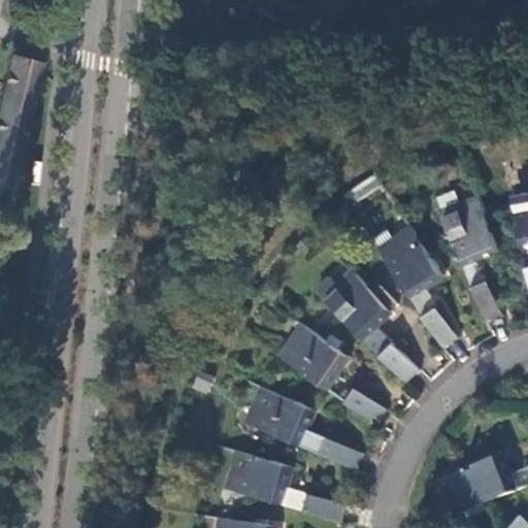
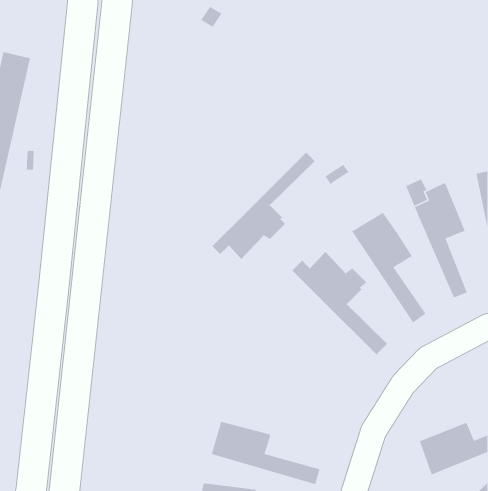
building: none -> [212,152,315,260]
building: [278,326,385,424] -> none
building: [244,387,360,469] -> none

